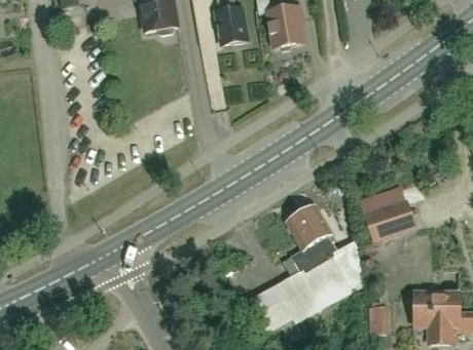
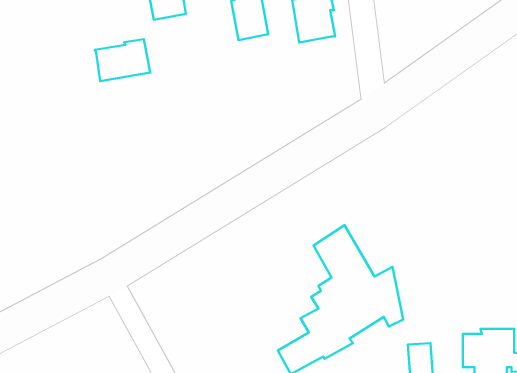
building: none -> [95,39,150,81]
building: [361,197,415,242] -> none

